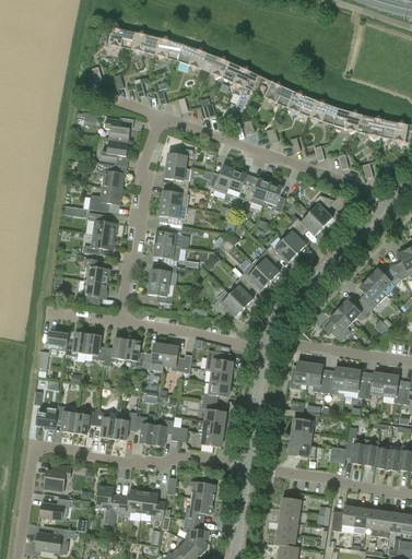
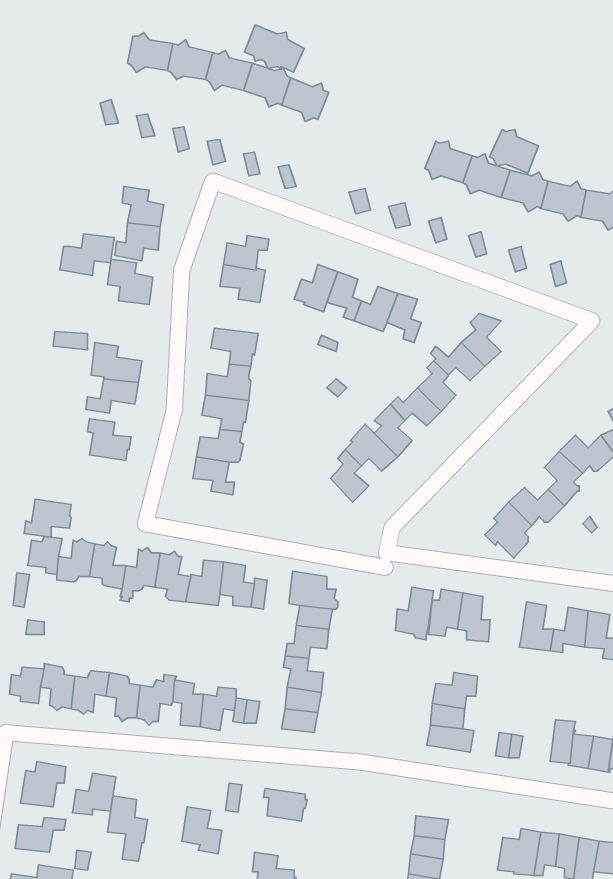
building: [223,61,259,90] -> [244,25,304,72]
building: [264,81,294,107] -> [490,130,539,173]
building: [161,186,189,206] -> none
building: [89,187,121,212] -> [60,234,114,275]
building: [79,280,107,302] -> [24,499,71,537]
building: [213,289,244,317] -> none
building: [326,366,349,397] -> [395,587,434,640]
building: [348,426,366,464] -> none
building: [118,489,144,514] -> [72,773,116,815]
building: [185,497,213,521] -> none

